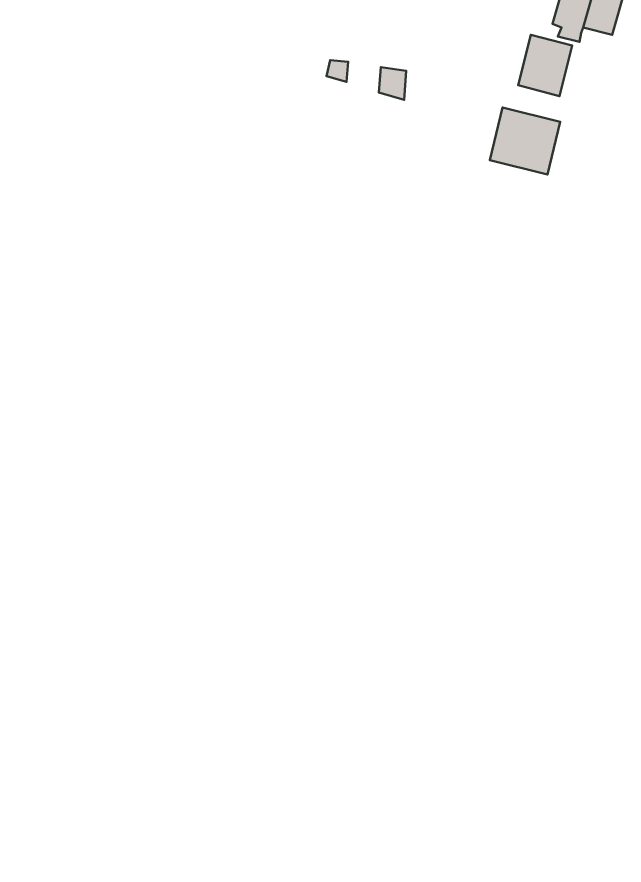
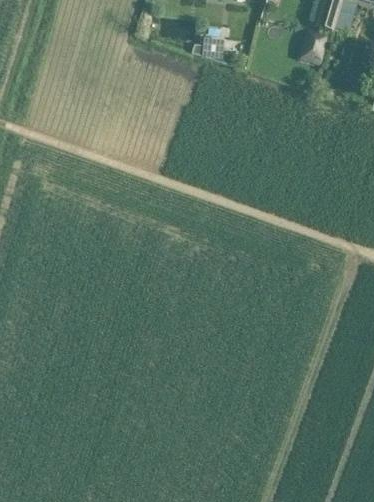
building: [490,107,560,174] -> none

